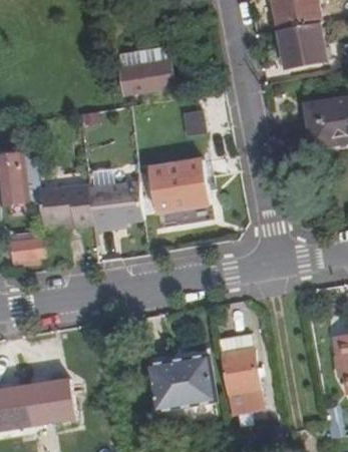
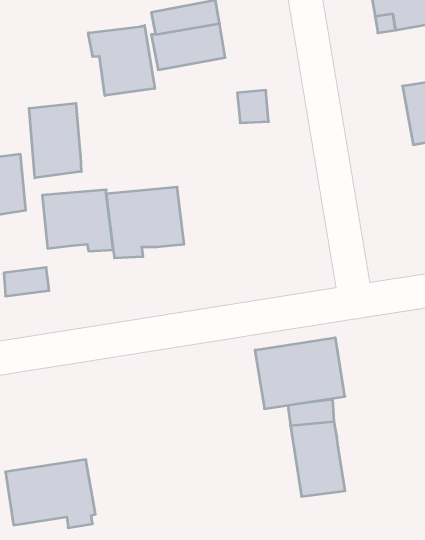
building: none -> [88,25,155,96]
building: none -> [29,103,81,178]
building: [149,161,208,211] -> none
building: [148,357,215,409] -> [255,338,345,409]

